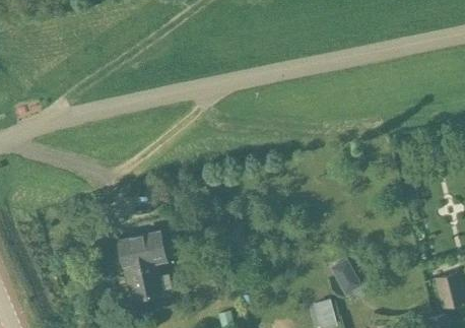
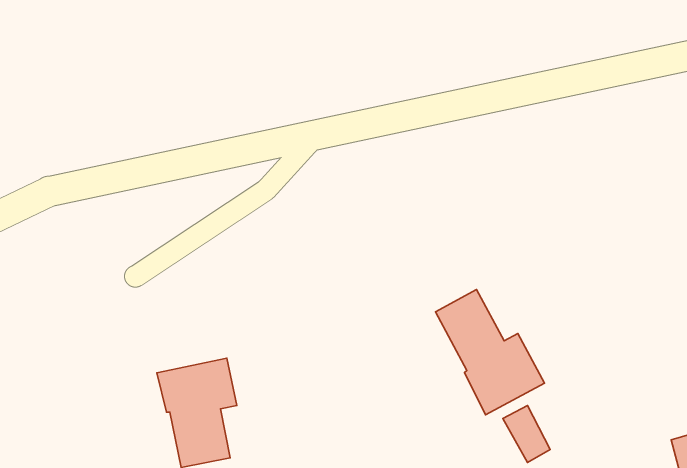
building: none -> [435,289,545,415]

